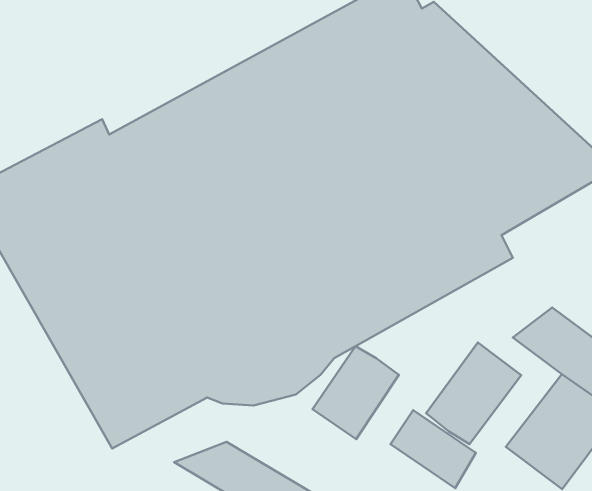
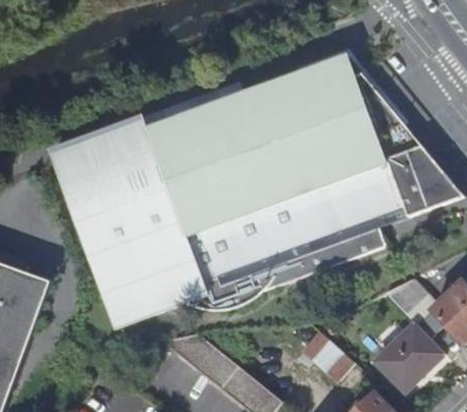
building: [426,343,521,444] -> none
building: [313,346,399,439] -> none

